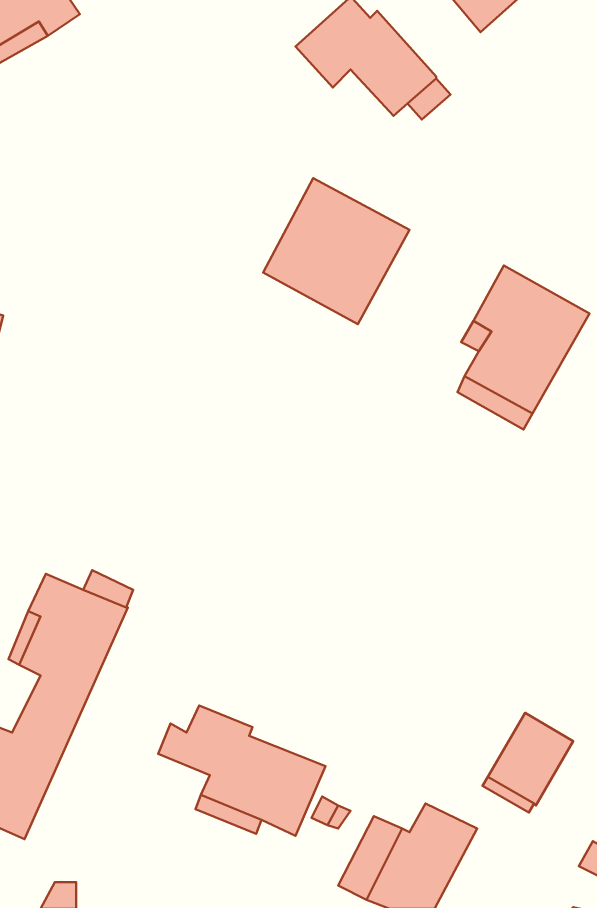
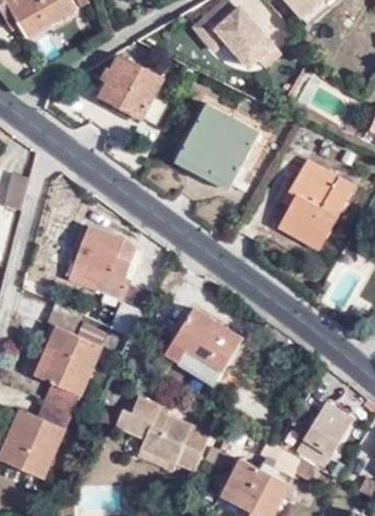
building: none -> [99,52,166,116]
building: none -> [68,224,142,335]
building: none -> [164,307,242,385]

